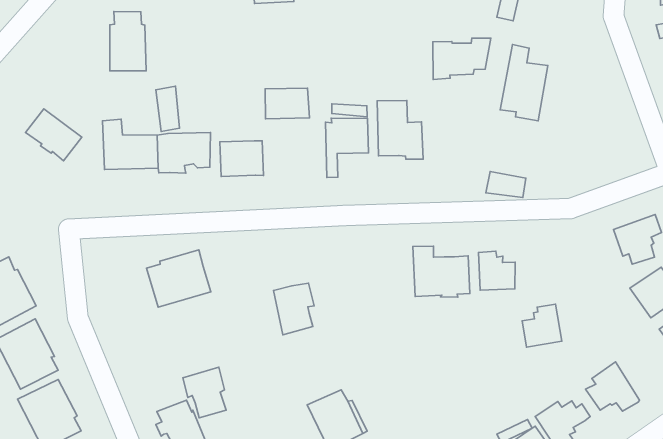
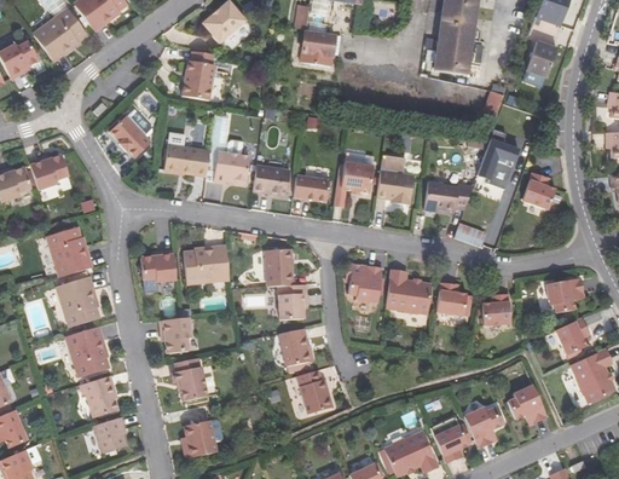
building: [433,38,491,80] -> [423,180,473,210]
building: [265,88,309,119] -> [293,174,329,202]
building: none -> [521,172,555,209]
building: none -> [265,248,293,287]
building: none -> [346,264,382,302]
building: none -> [143,253,177,283]
building: [522,304,562,347] -> [481,295,509,324]
building: none -> [280,328,311,367]
building: [183,367,226,418] -> [160,317,190,353]

